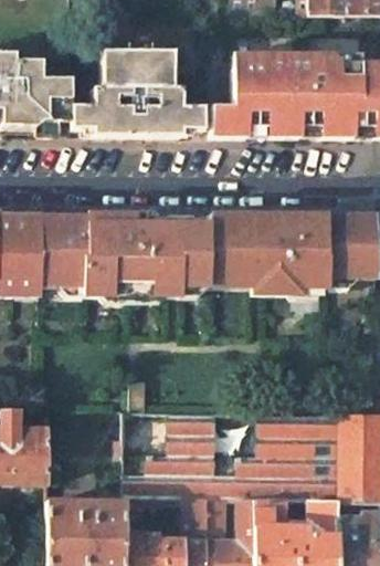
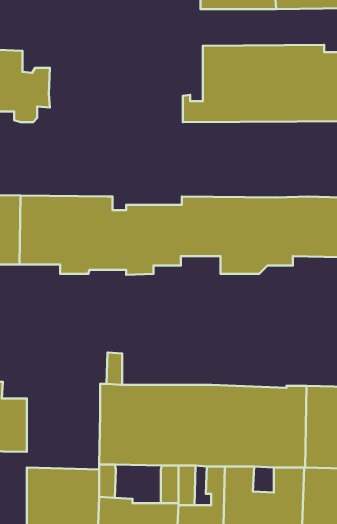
building: [71,50,203,136] -> none

